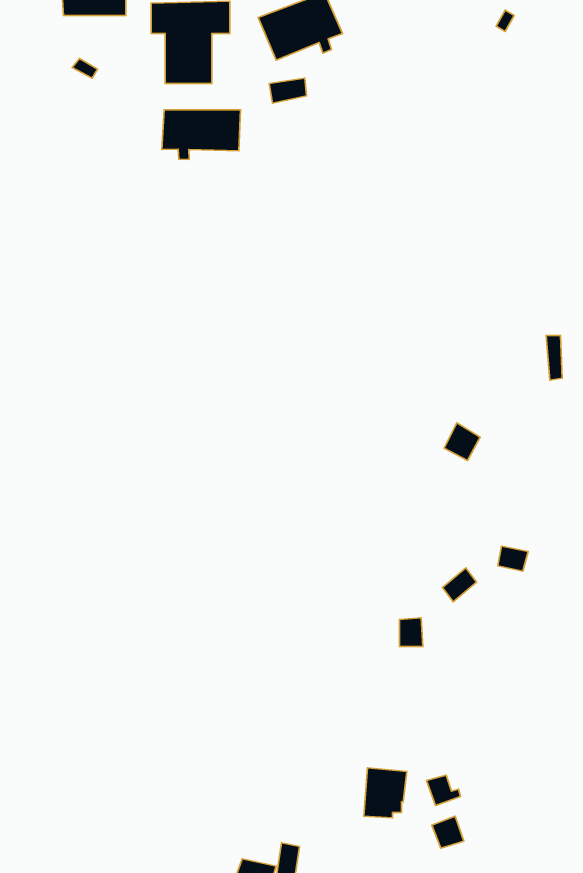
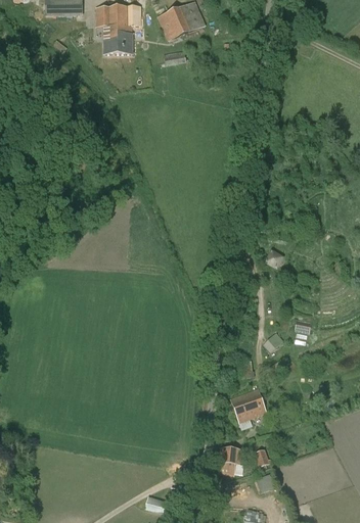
building: [162,110,240,159] -> none
building: none -> [230,390,265,422]

